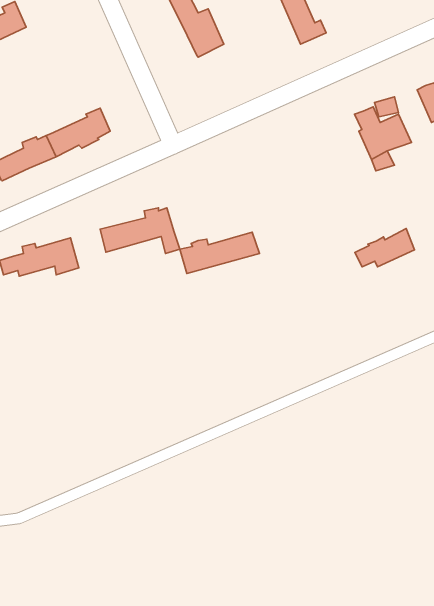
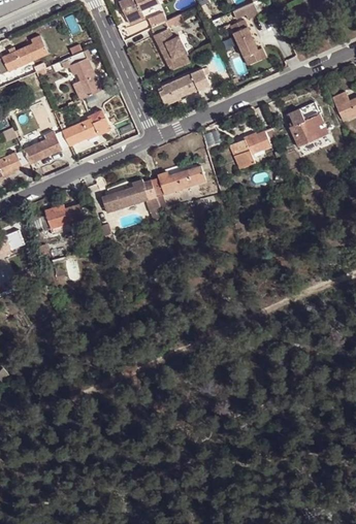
building: none -> [59,47,100,99]
building: none -> [157,69,209,102]
building: [355,228,415,267] -> [235,135,279,163]
building: [180,232,259,273] -> [149,170,206,200]

